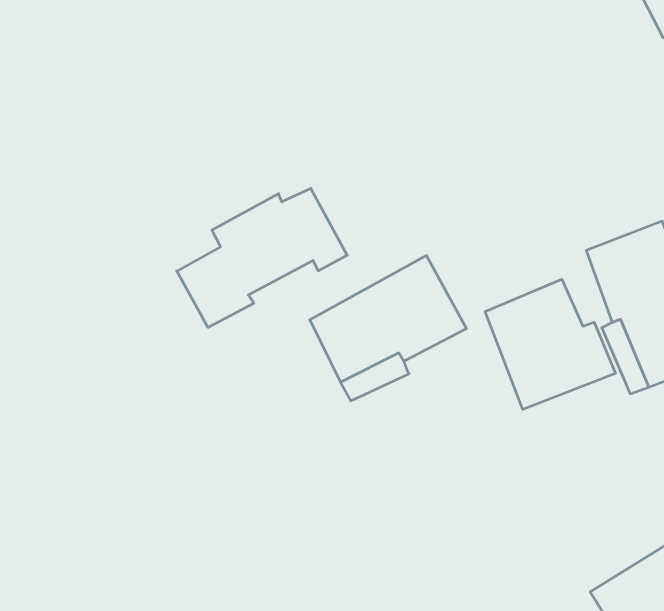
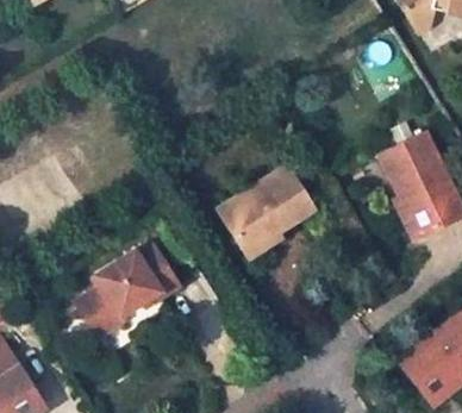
building: [177,188,347,327] -> [77,248,179,336]
building: [485,279,615,409] -> none

